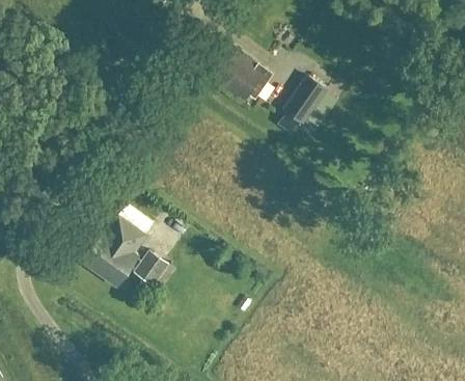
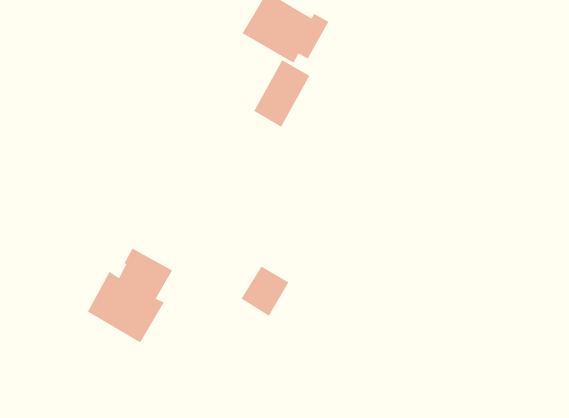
building: [283,77,326,125] -> [253,59,310,128]
building: [133,252,168,289] -> [241,266,290,317]

